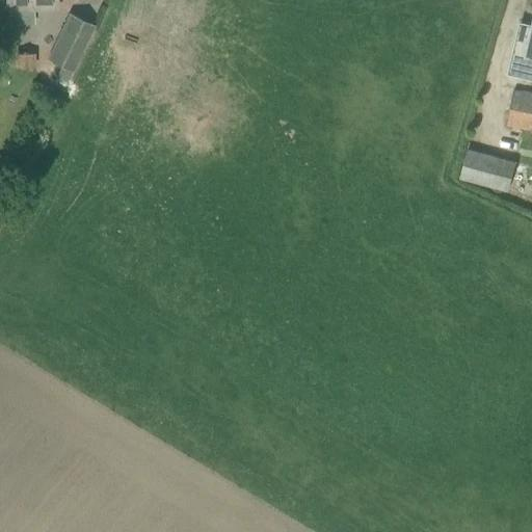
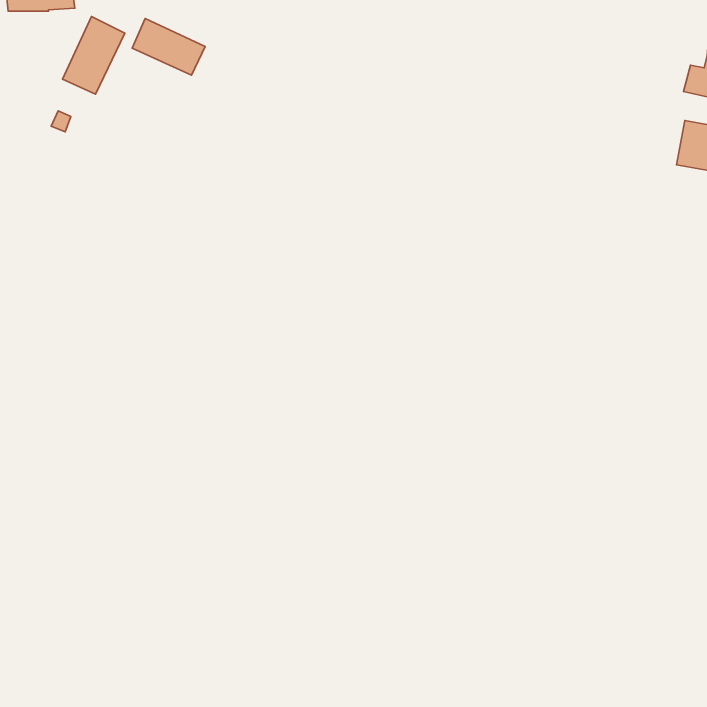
building: none -> [132,19,205,75]
building: [460,149,516,190] -> none

